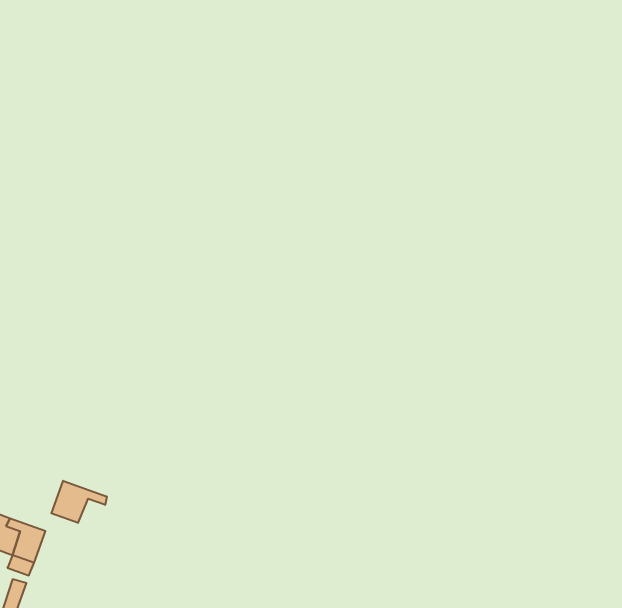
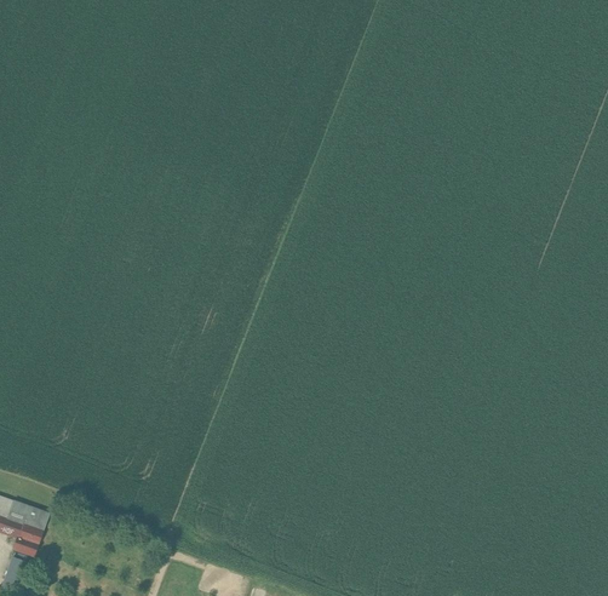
building: [51,481,107,523] -> none

